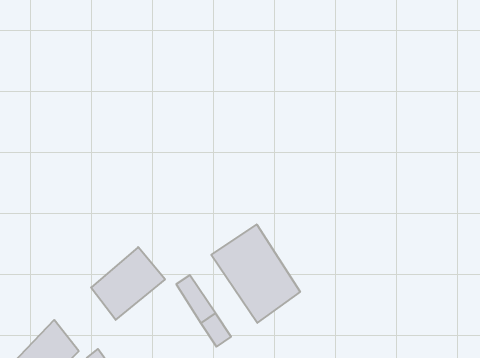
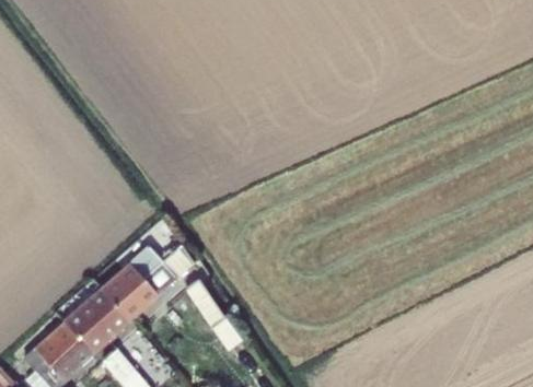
building: [211,224,300,323] -> none
building: none -> [65,288,126,350]

